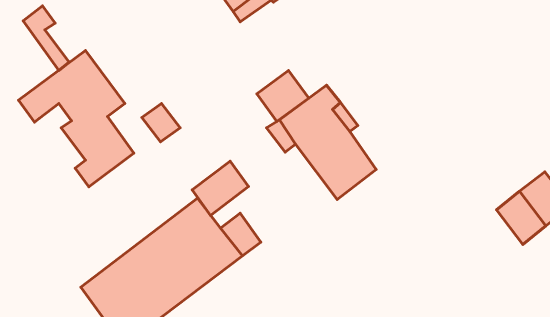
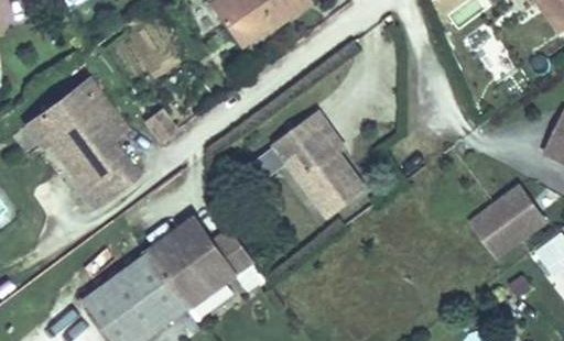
building: [23,6,69,70] -> [42,126,86,188]
building: [257,71,309,121] -> none
building: [192,161,248,215] -> none

